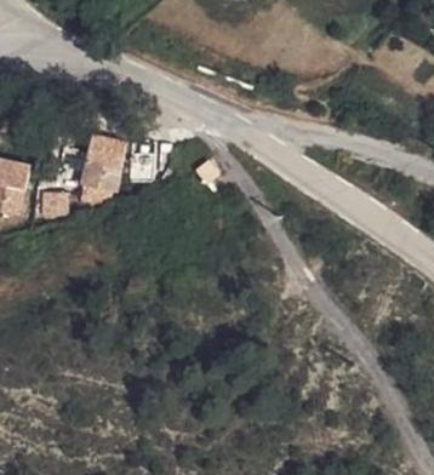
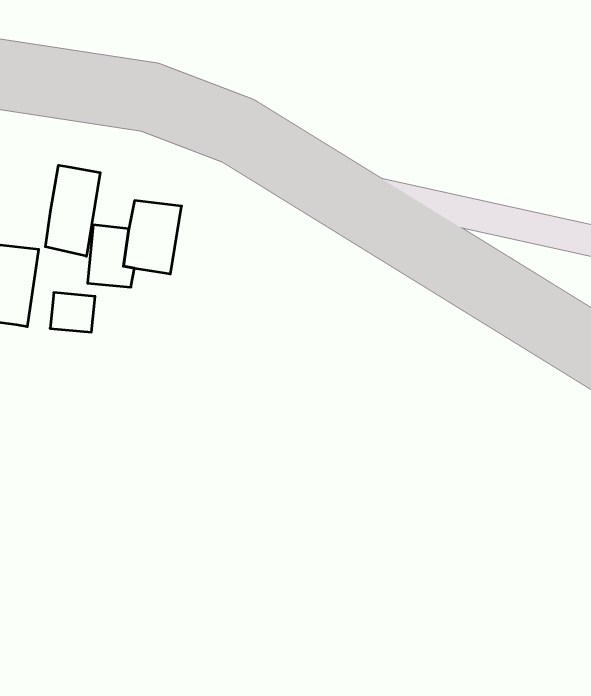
building: none -> [45,165,100,256]

